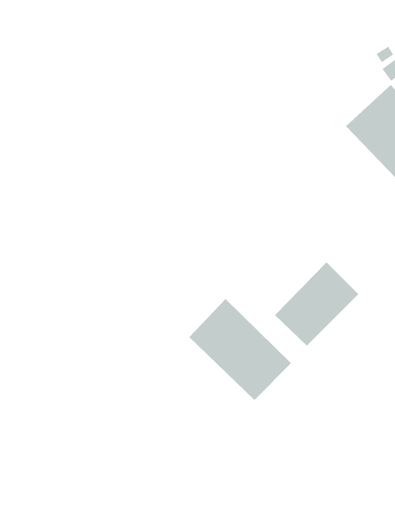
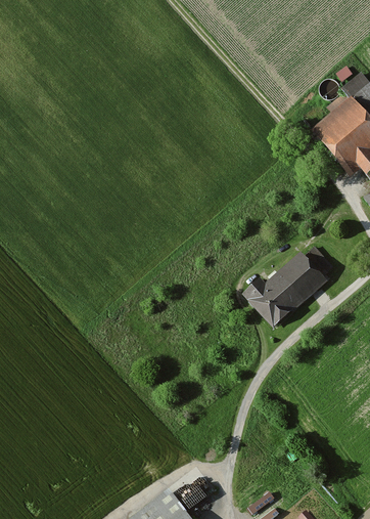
building: [188,298,292,401] -> none

